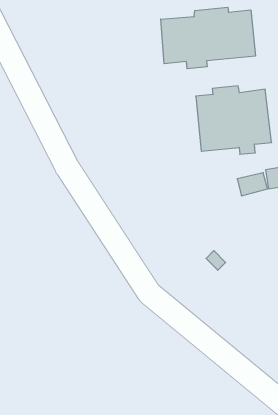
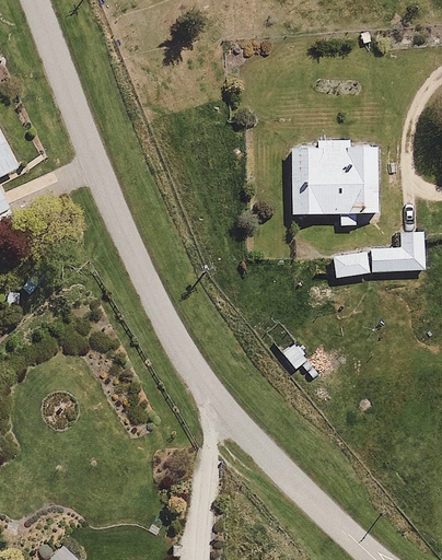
building: [161,7,255,69] -> none

